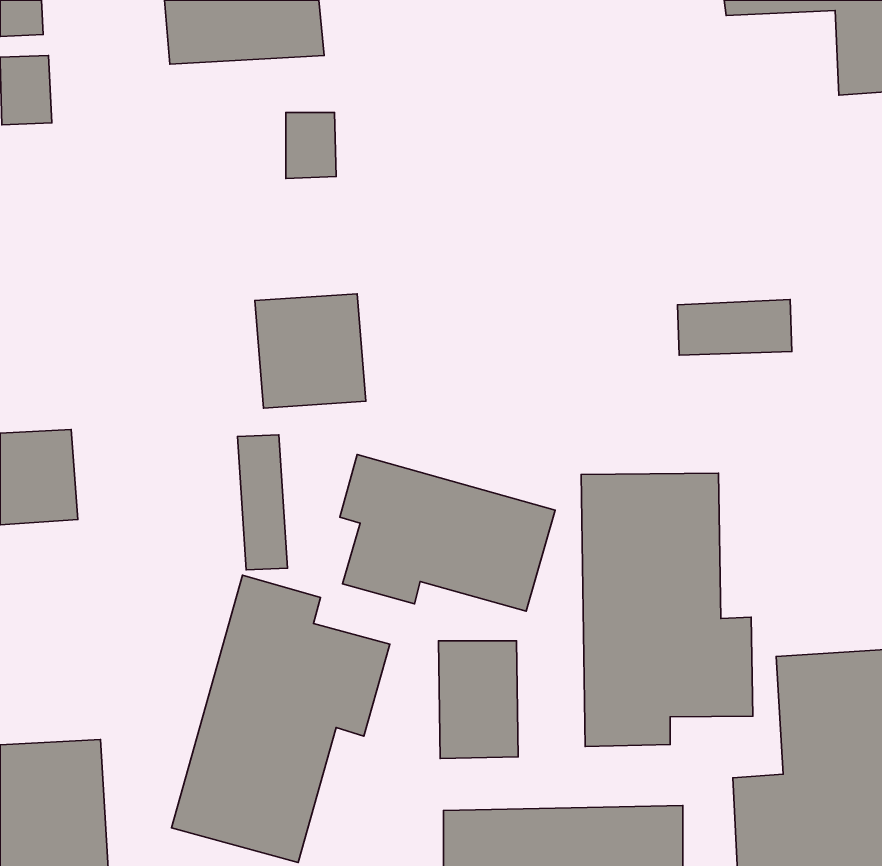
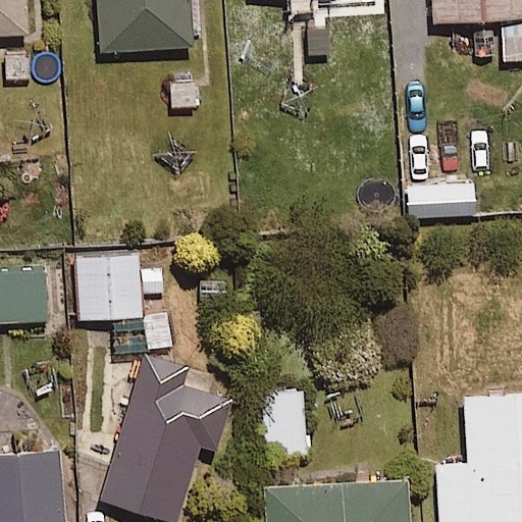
building: [255,294,366,408] -> [76,251,142,318]
building: [340,455,555,611] -> none
building: [581,473,753,746] -> none

